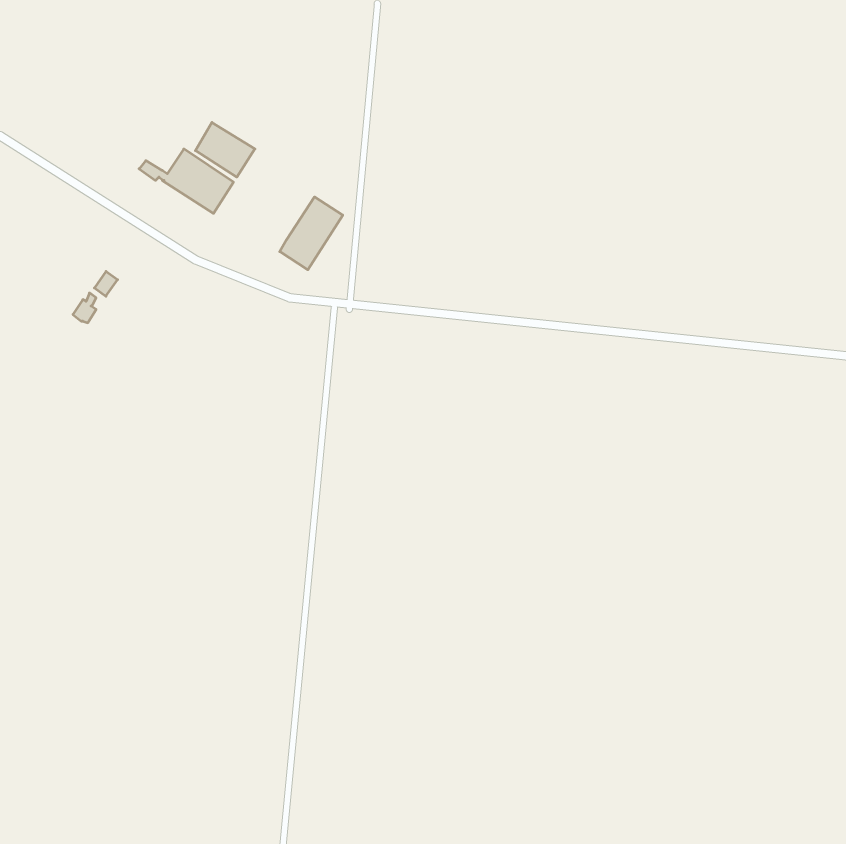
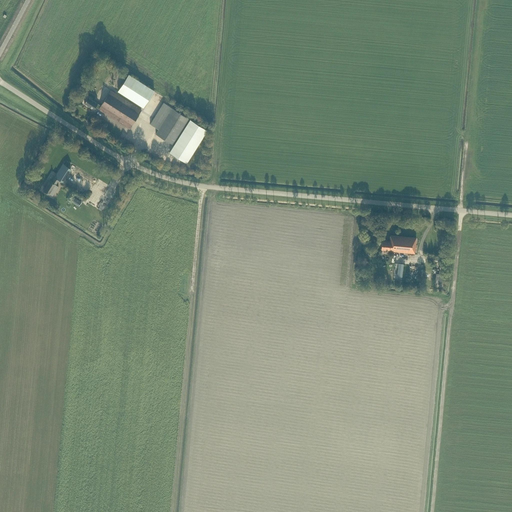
building: none -> [150,103,190,146]
building: none -> [381,236,416,254]

